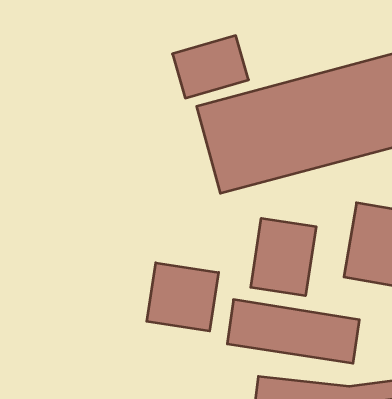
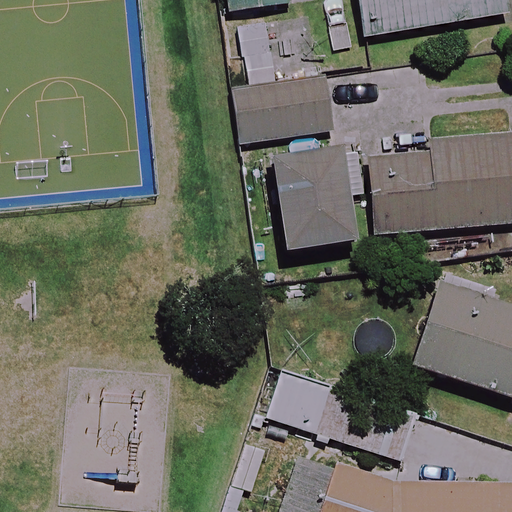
building: [251,218,316,296] -> none
building: [147,263,219,331] -> none

